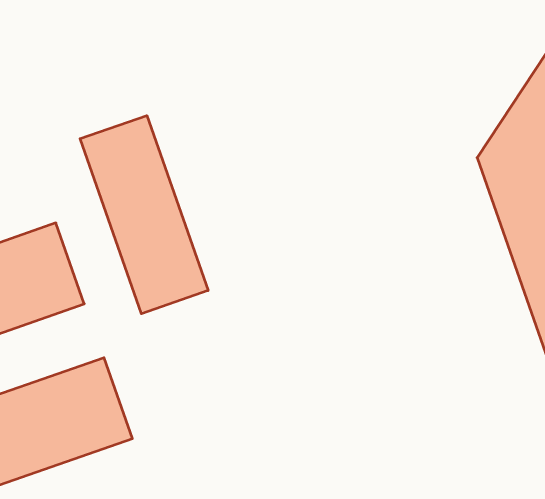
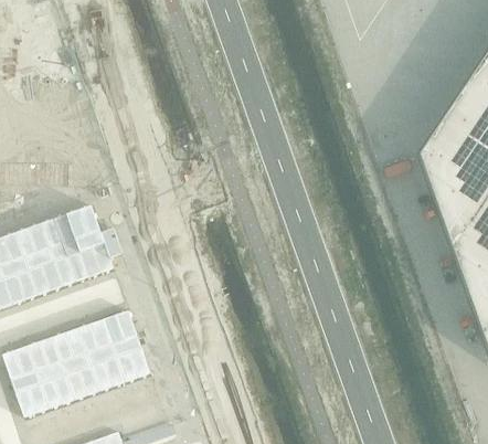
building: [80,116,208,314] -> none

